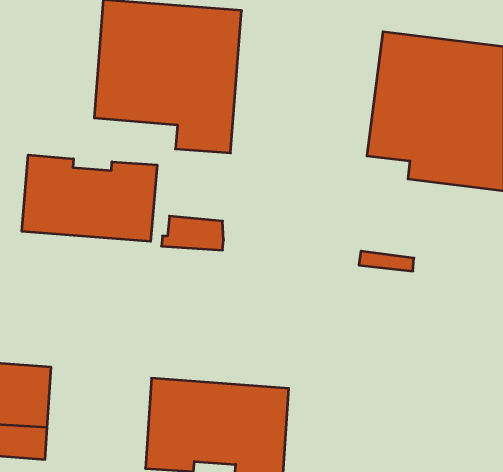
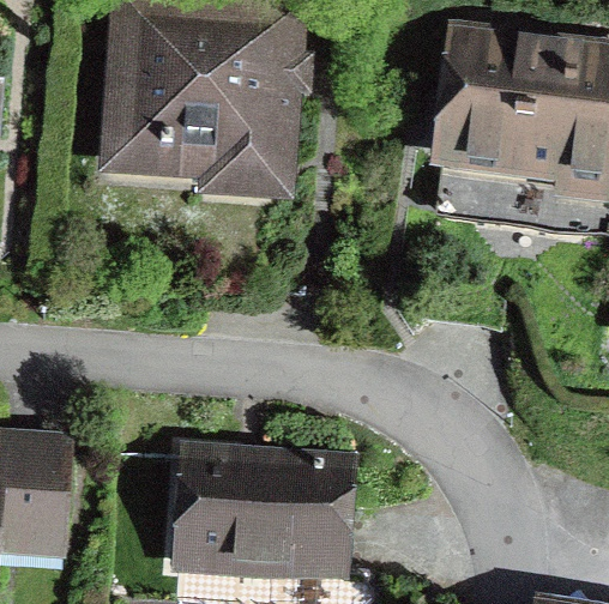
building: [22,155,157,241] -> none

